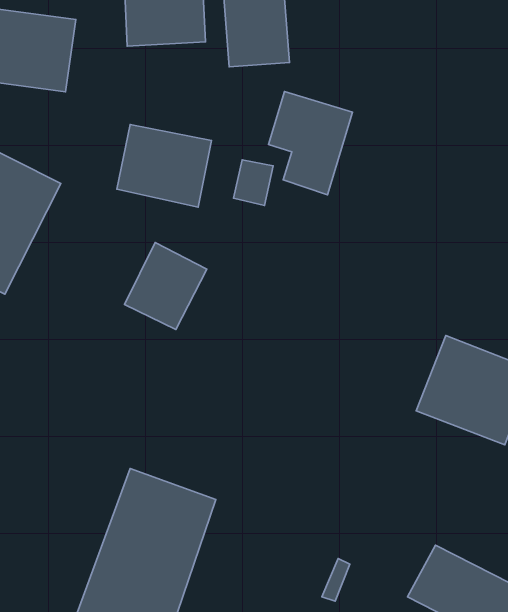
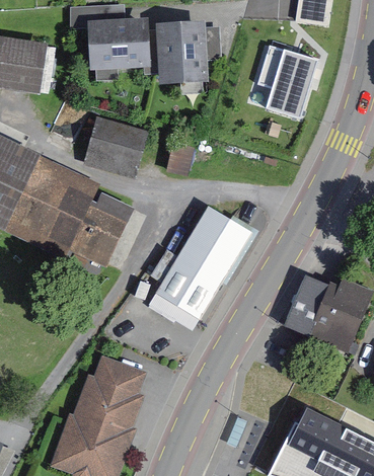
building: [268,91,352,195] -> [255,46,313,116]
building: none -> [19,165,102,260]
building: none -> [155,204,252,318]

